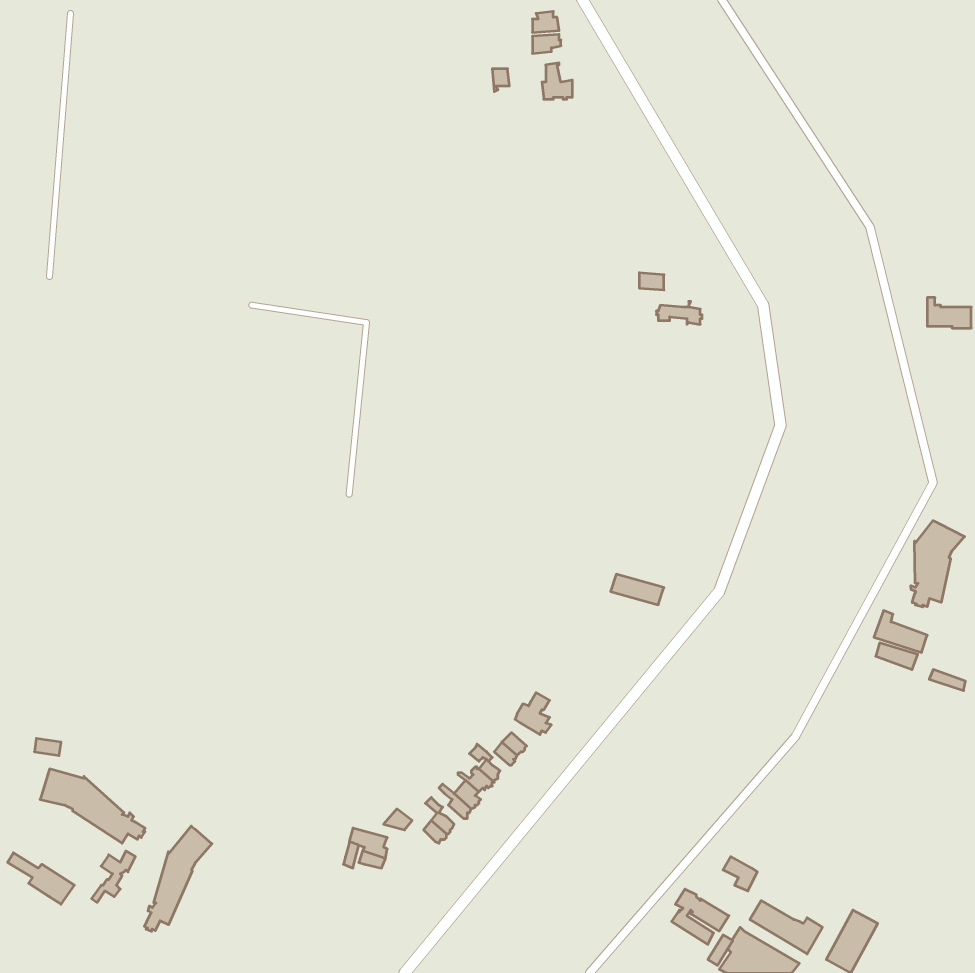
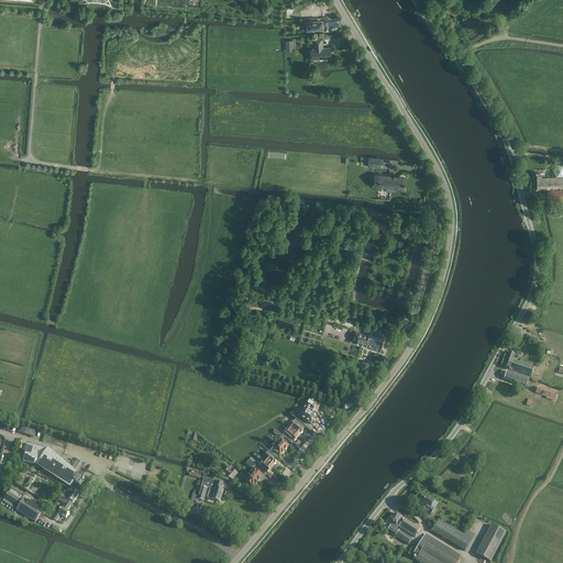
building: [911,521,965,607] -> none
building: [144,826,212,931] -> none

